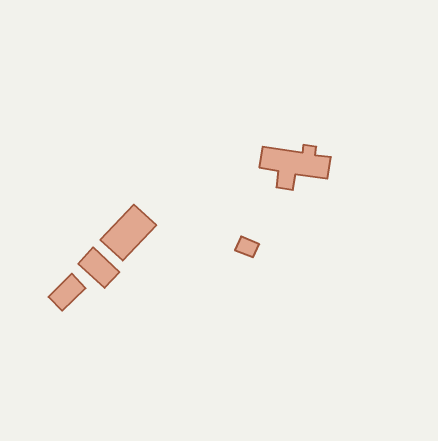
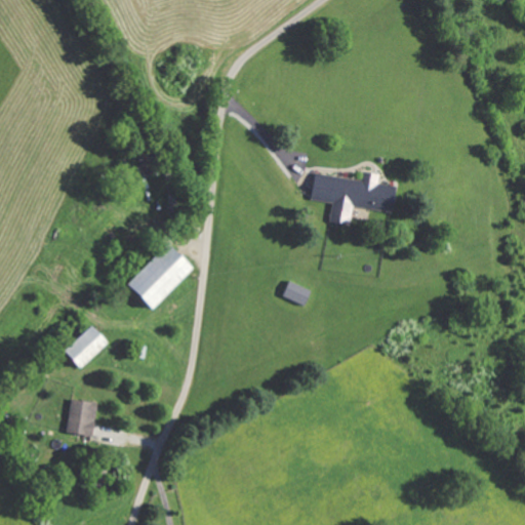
building: [78,247,119,288] -> none
building: none -> [69,400,97,436]

